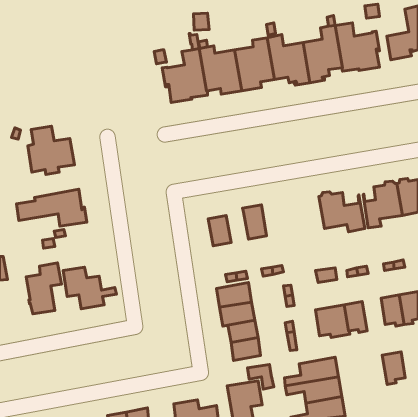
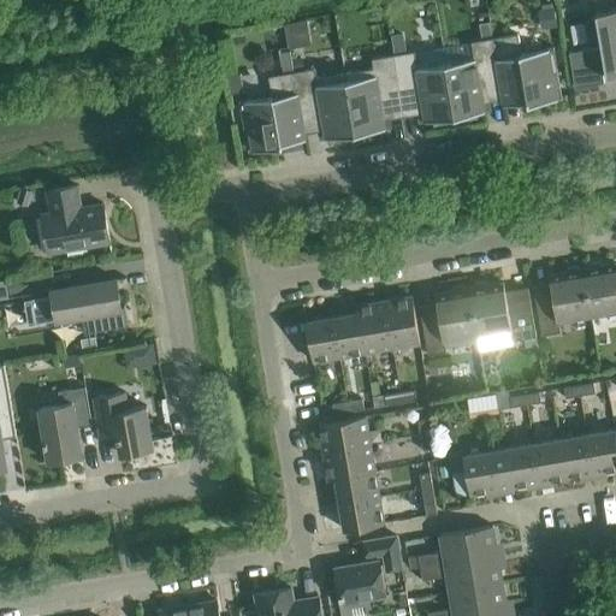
building: none -> [419,288,476,356]
building: none -> [384,298,419,349]
building: none -> [332,314,365,359]
building: [382,352,405,385] -> [532,440,565,488]

